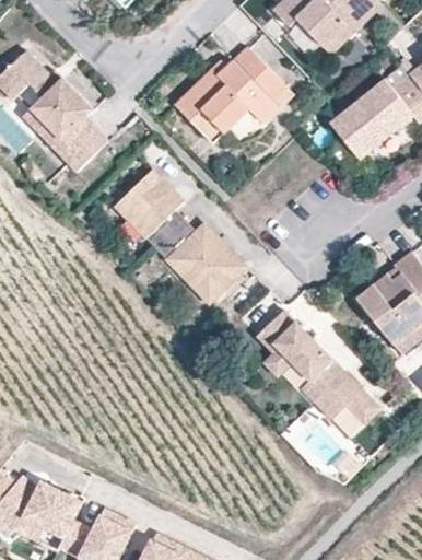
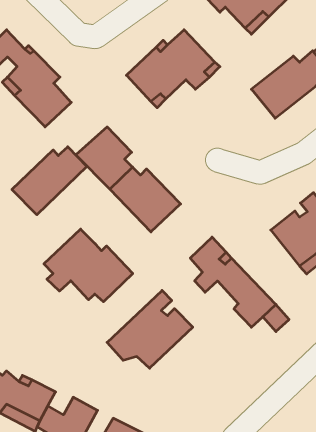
building: none -> [12,147,87,215]
building: none -> [44,229,133,302]
building: none -> [107,290,193,368]

